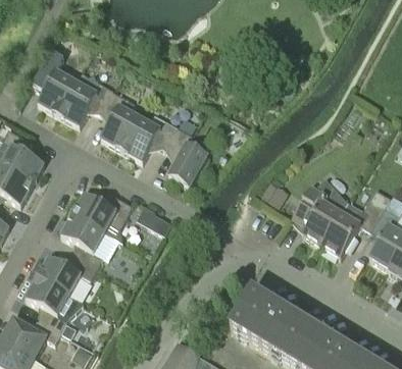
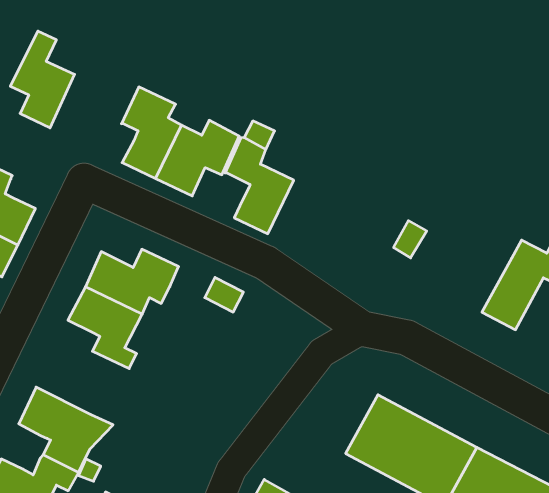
building: [56,70,113,124] -> none
building: [291,175,348,243] -> none
building: [38,253,97,293] -> none

